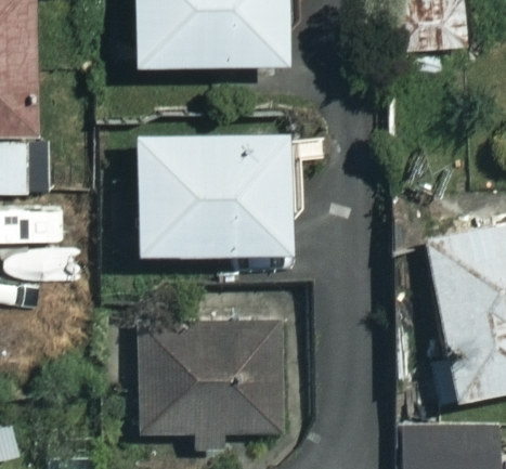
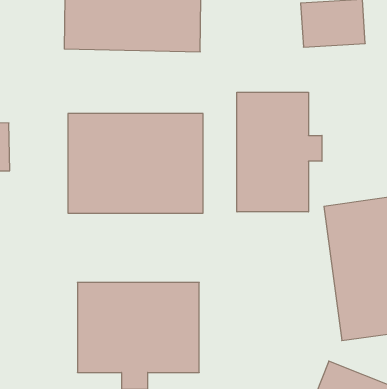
building: none -> [237,92,322,212]

